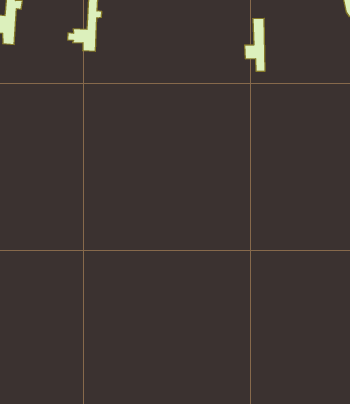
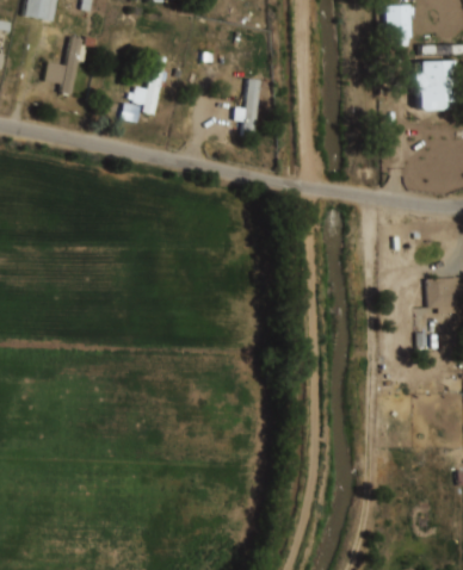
building: [245,18,265,71] -> [235,79,260,135]

